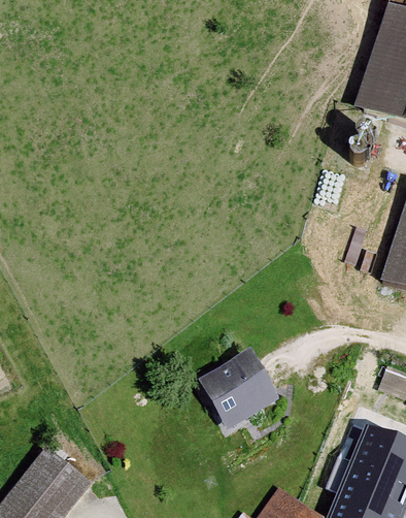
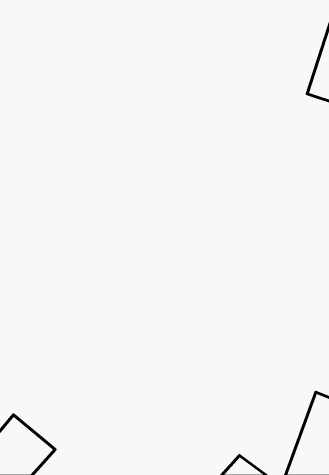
building: [199,348,282,432] -> none

